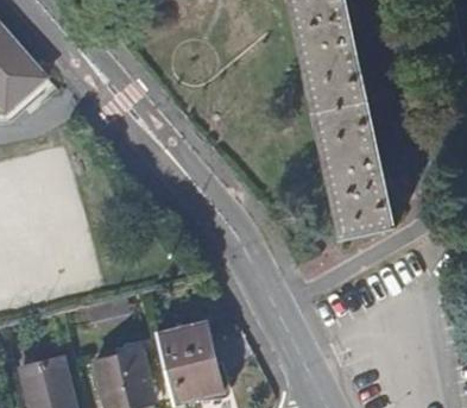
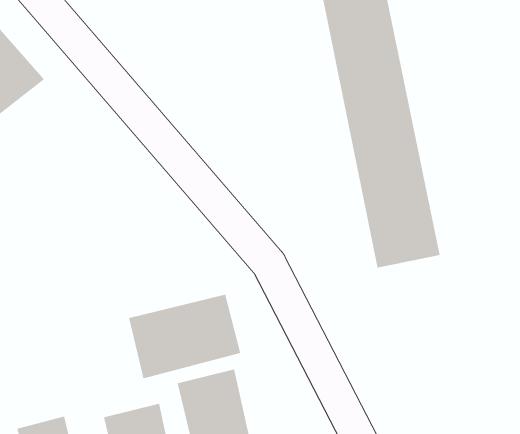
building: none -> [129,294,241,379]

